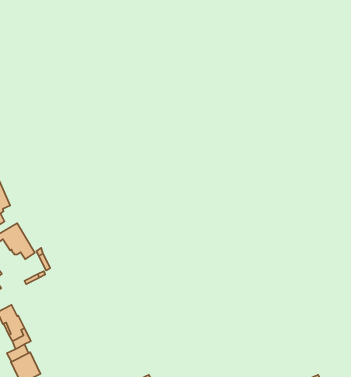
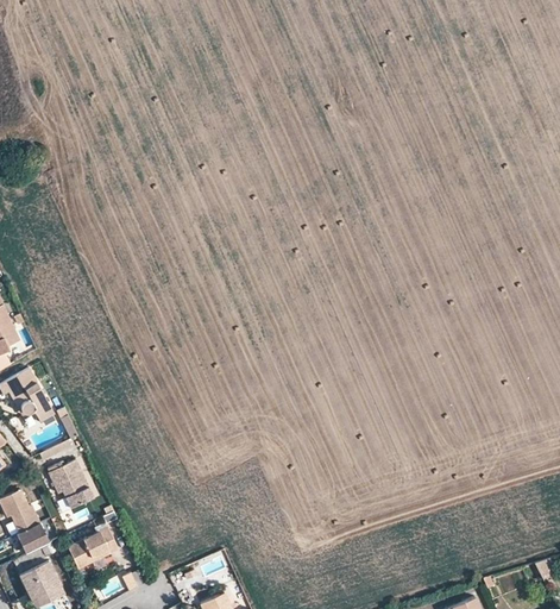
building: none -> [49,459,95,508]
building: none -> [70,528,120,566]

